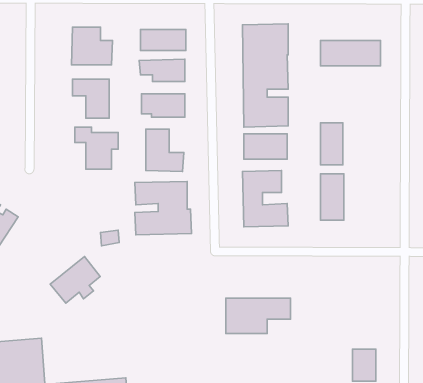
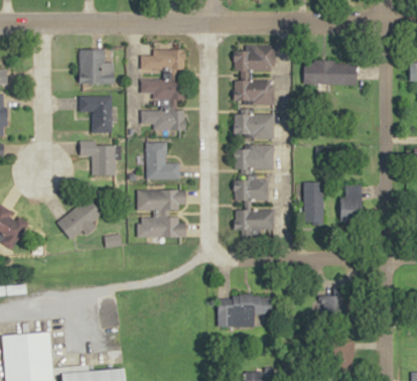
building: [320,123,343,165] -> [341,184,362,223]
building: [50,256,100,303] -> [56,196,102,238]
building: none -> [325,295,348,316]

